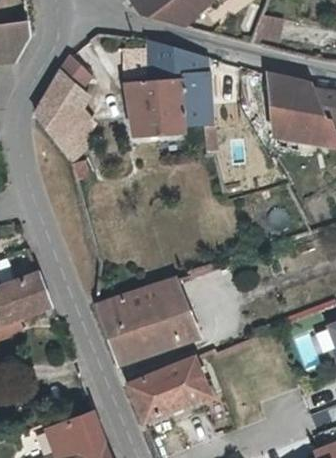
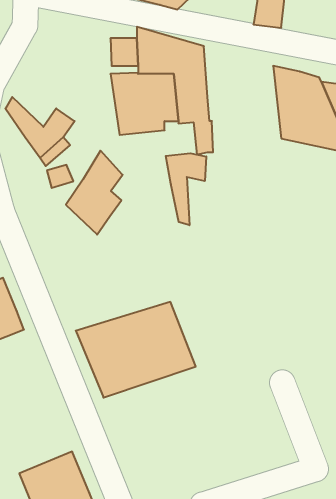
building: [42,55,91,128] -> [66,151,123,235]
building: none -> [166,153,206,225]
building: [131,357,212,420] -> none

